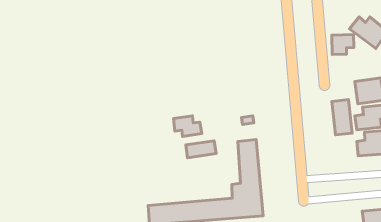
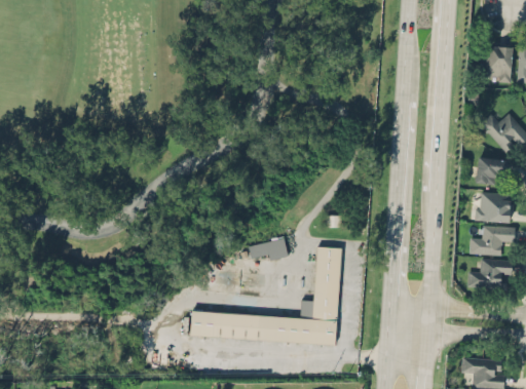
building: [332,34,354,55] -> [476,158,506,185]
building: [332,100,352,135] -> none
building: [173,116,202,136] -> none

